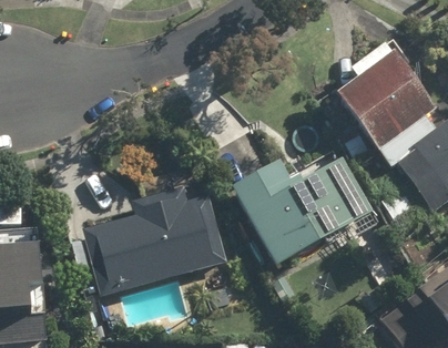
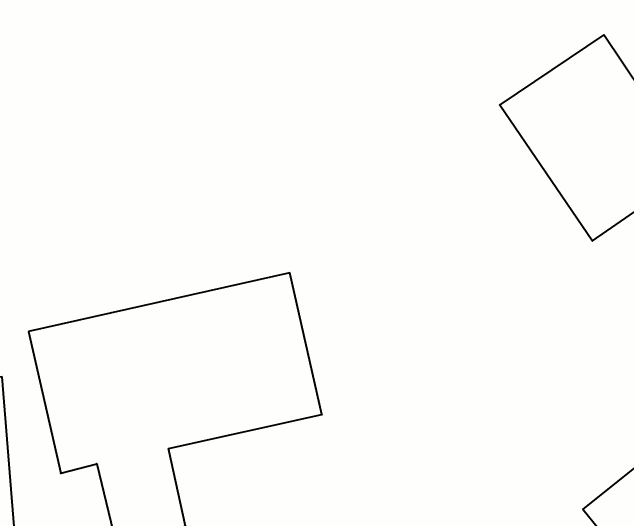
building: [232,154,380,265] -> none

